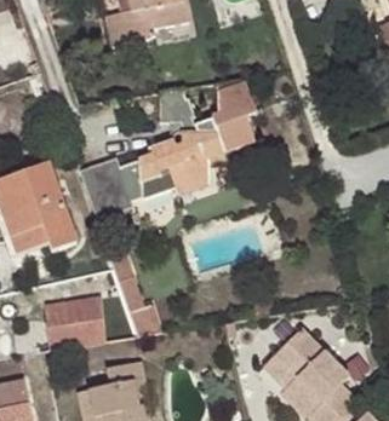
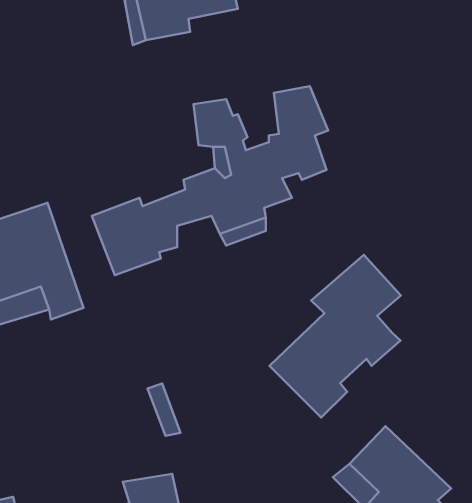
building: none -> [270,255,401,418]
building: [45,294,104,348] -> none

